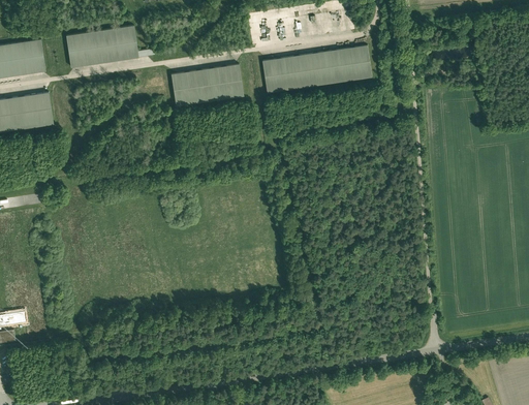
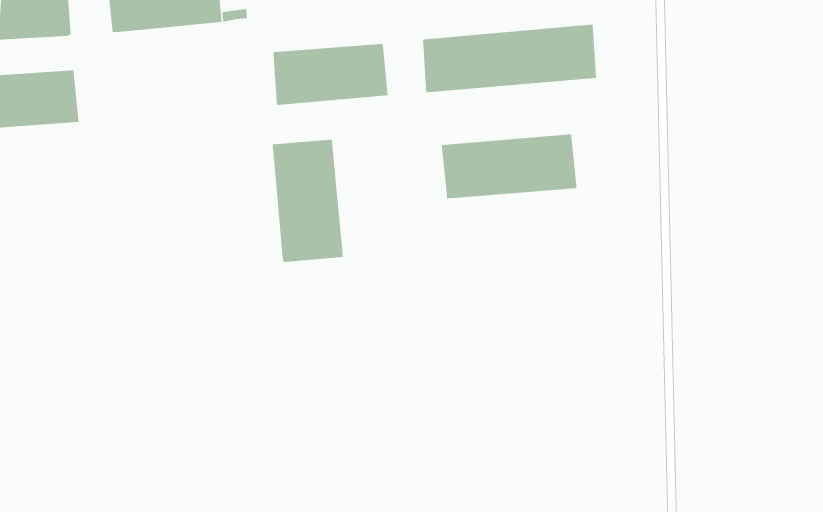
building: none -> [441,133,577,200]
building: none -> [272,139,343,263]

